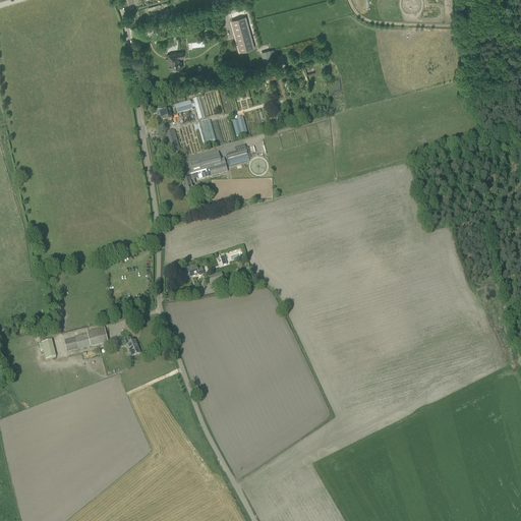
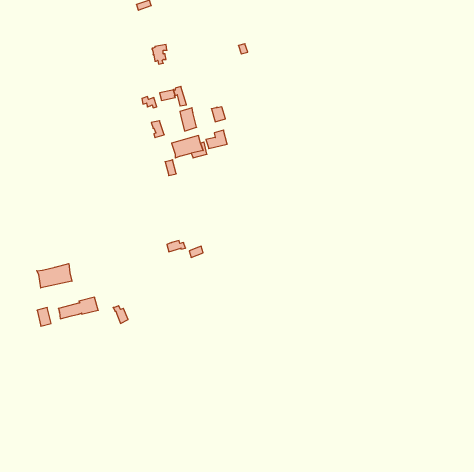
building: [231,14,253,50] -> none
building: none -> [37,264,72,288]

